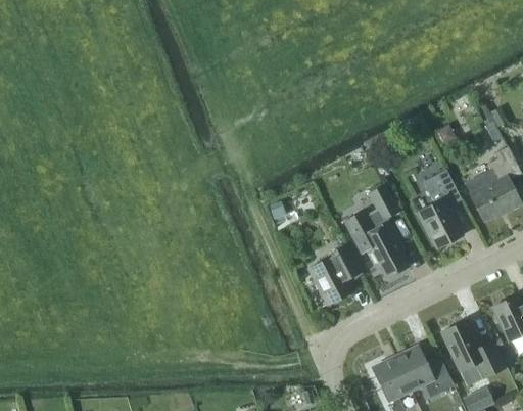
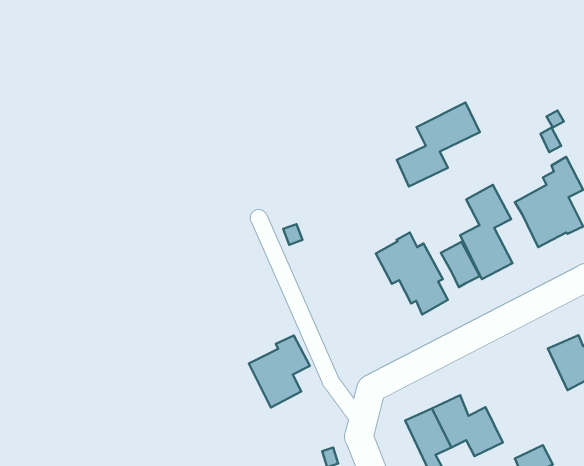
building: none -> [397,103,480,186]
building: [366,184,398,222] -> [441,242,480,287]
building: [307,244,359,305] -> [249,335,310,407]
building: [439,319,504,378] -> none

